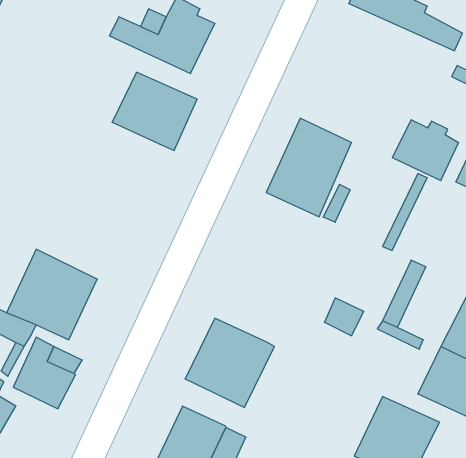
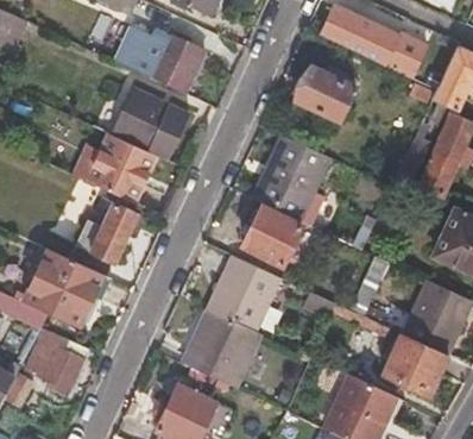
building: none -> [76,133,159,205]
building: [392,120,459,181] -> [295,67,353,120]
building: none -> [75,206,134,264]
building: none -> [244,206,298,262]
building: none -> [206,253,278,330]

